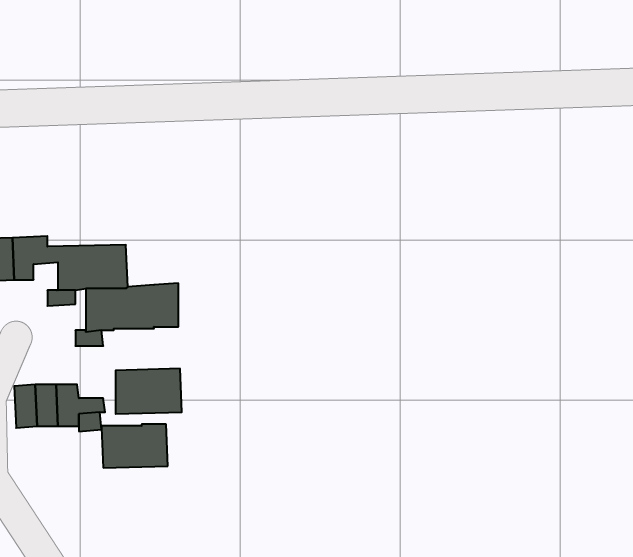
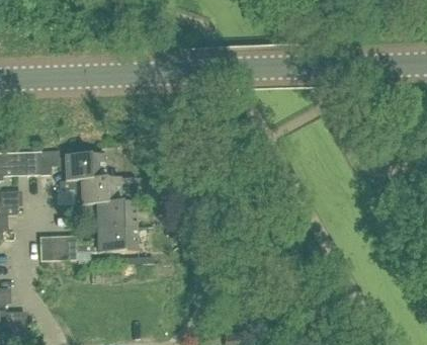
building: [101,424,168,468] -> [97,201,136,227]

